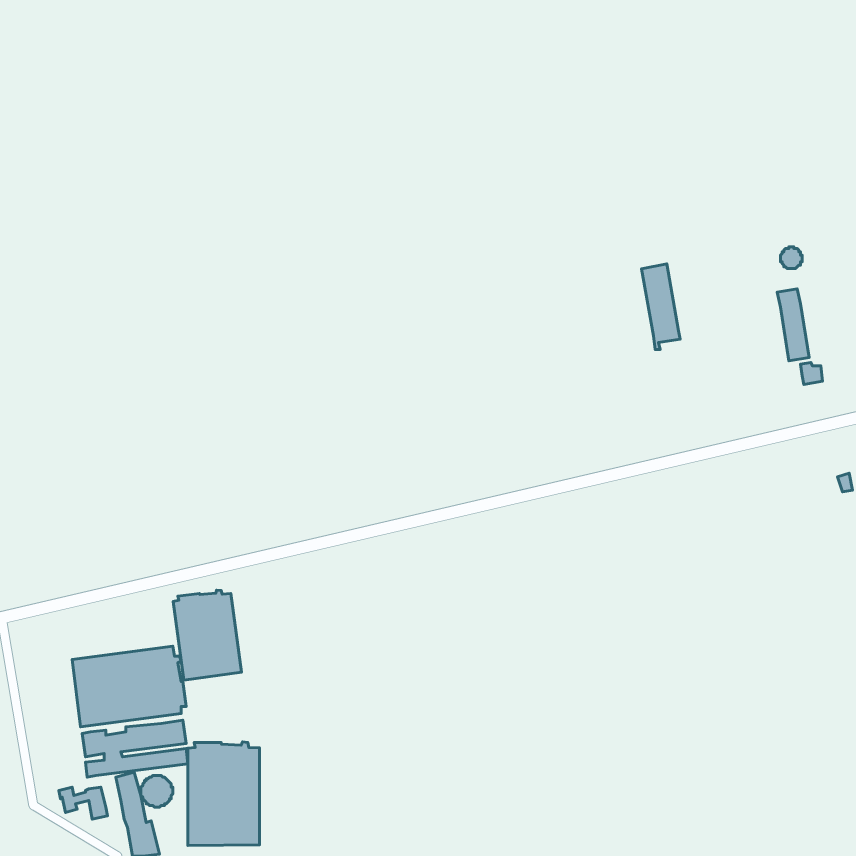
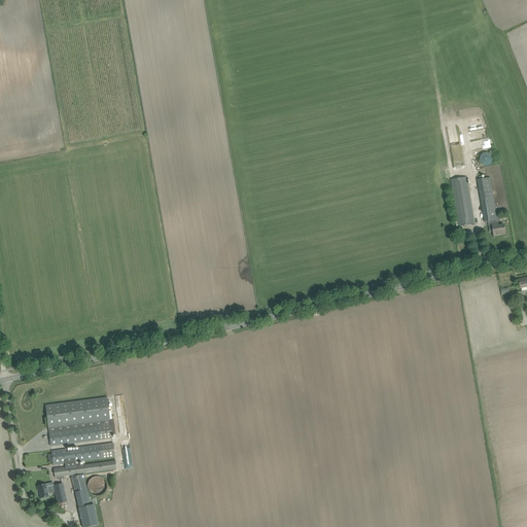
building: [642,264,680,349] -> [450,176,473,229]
building: [173,590,242,680] -> none
building: [188,742,259,845] -> none

